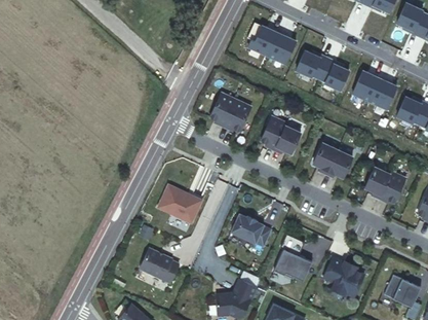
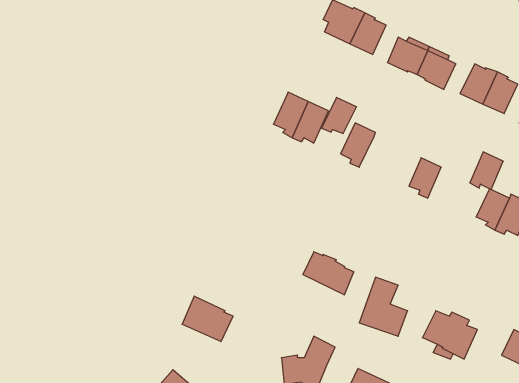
building: [275,127,302,154] -> [322,97,357,134]
building: [327,150,353,179] -> [470,152,503,189]
building: [159,185,202,223] -> none

